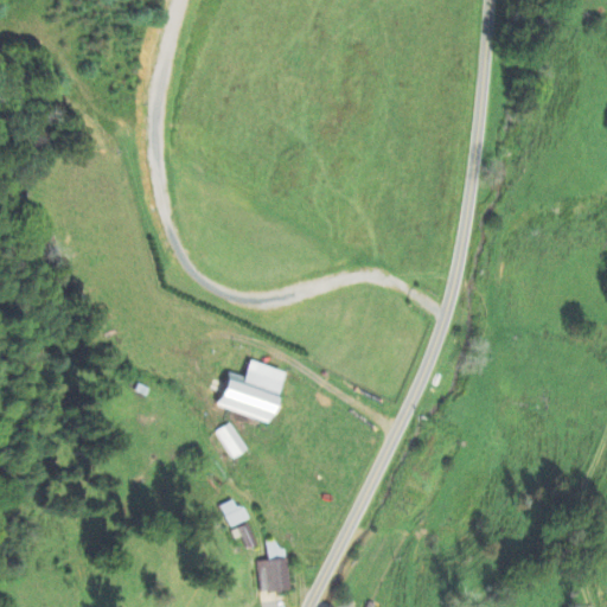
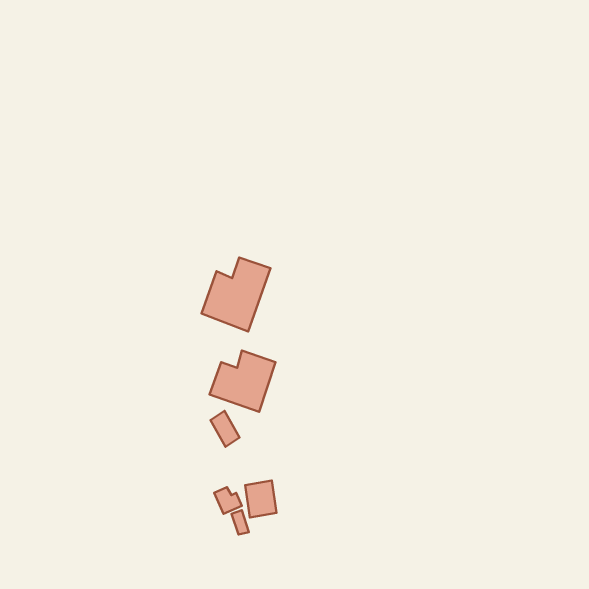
building: none -> [201,258,270,331]
building: [258,555,290,593] -> [245,481,276,518]

